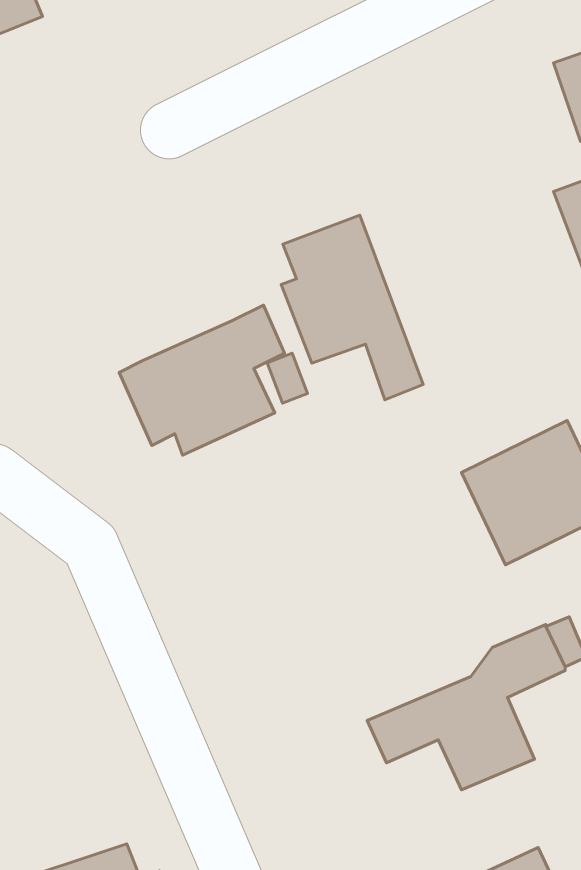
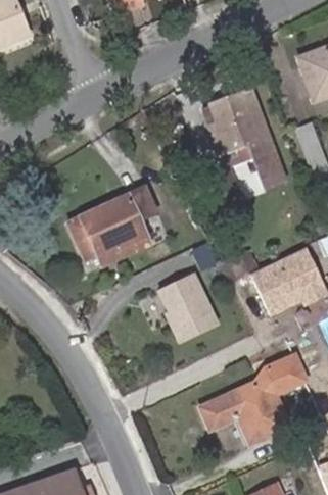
building: [281,215,423,400] -> [208,89,284,187]
building: none -> [152,270,219,342]

